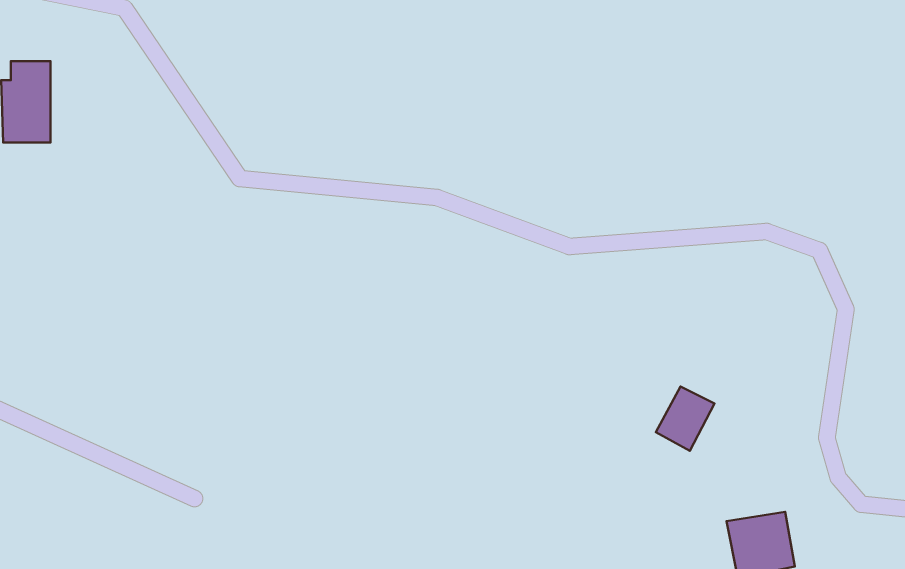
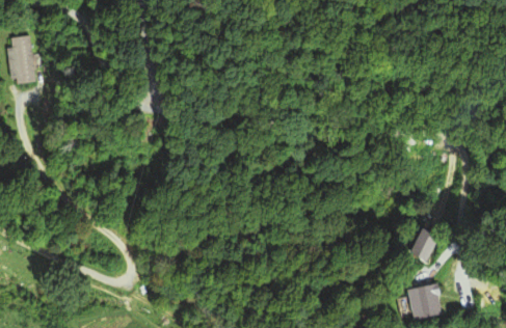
building: [656,387,714,451] -> [411,228,444,264]

